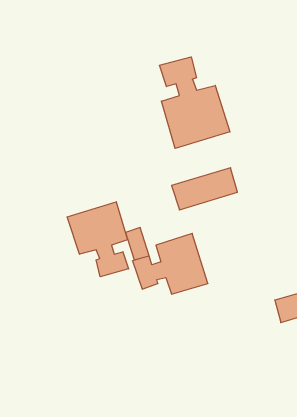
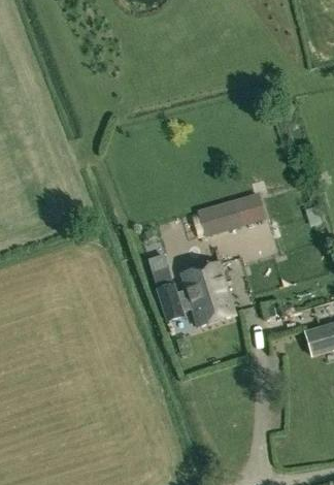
building: [160,57,230,148] -> none
building: [67,202,129,277] -> none

